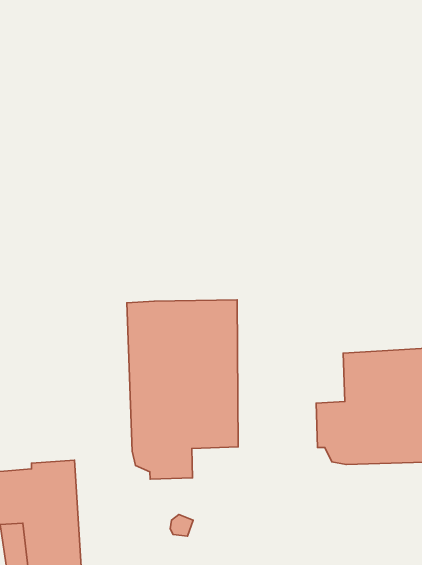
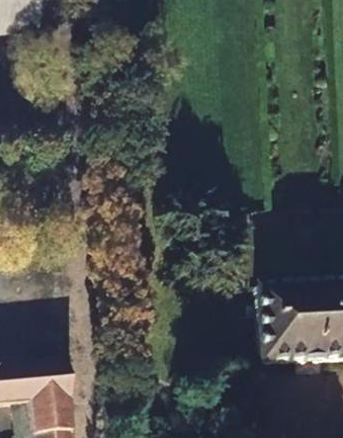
building: [127,300,238,479] -> none

